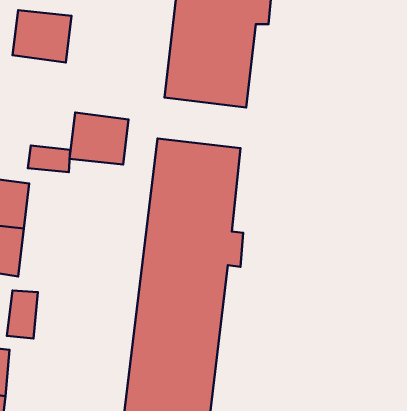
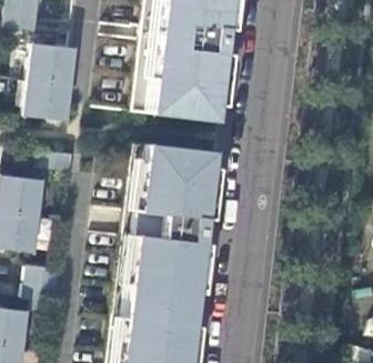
building: [70,112,129,165] -> [26,79,72,120]

